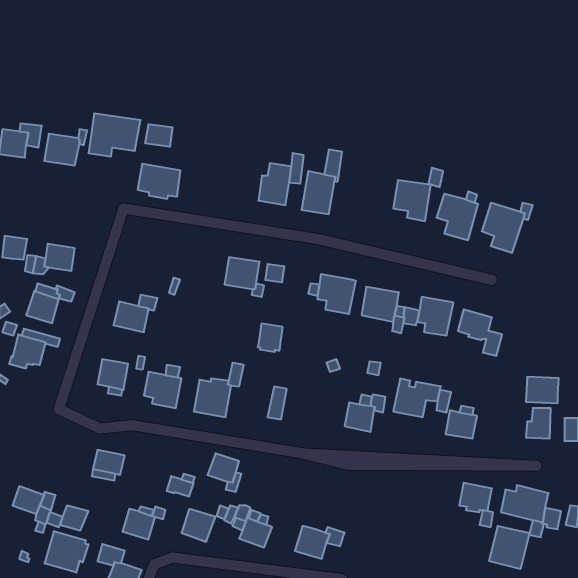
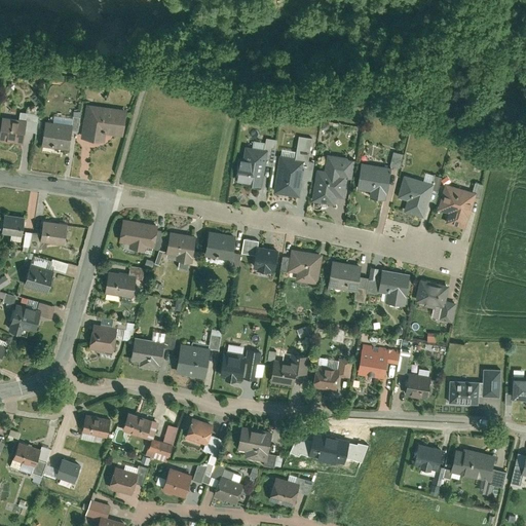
building: [145,124,172,147] -> none
building: [138,164,181,199] -> [117,222,156,254]
building: none -> [311,156,351,205]
building: none -> [165,234,195,266]
building: [258,324,283,352] -> [254,249,276,274]
building: [526,377,559,403] -> [448,382,478,406]
building: none -> [270,352,308,386]
building: none -> [220,354,247,382]
building: none -> [125,407,154,431]
building: none -> [241,421,275,455]
building: none -> [289,434,367,462]
building: [489,526,529,569] -> none
building: [45,531,89,573] -> none

